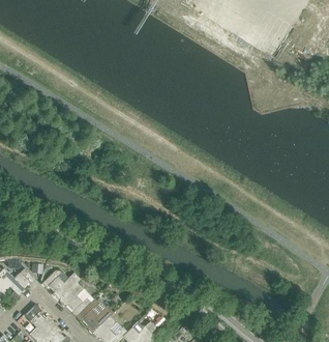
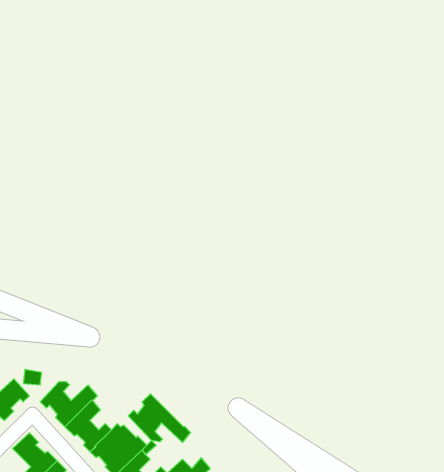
building: none -> [128,394,191,442]

